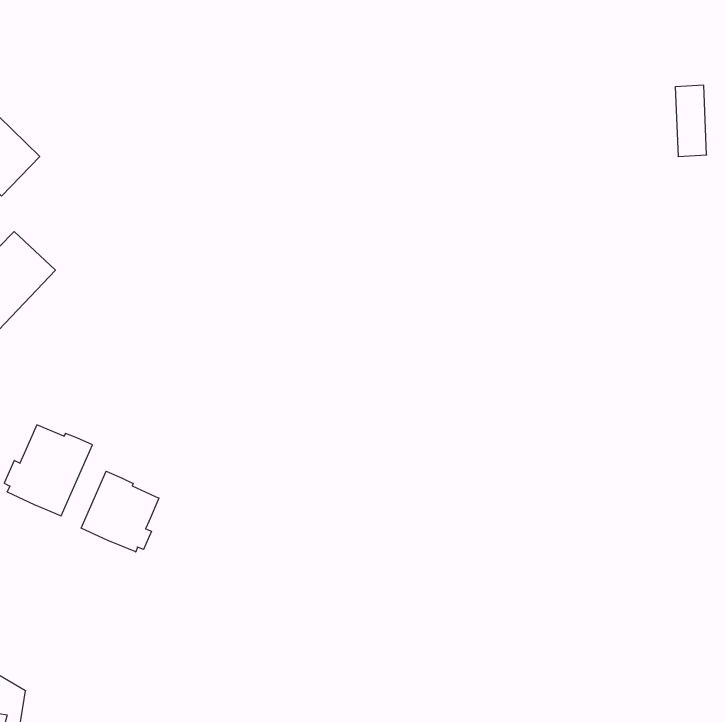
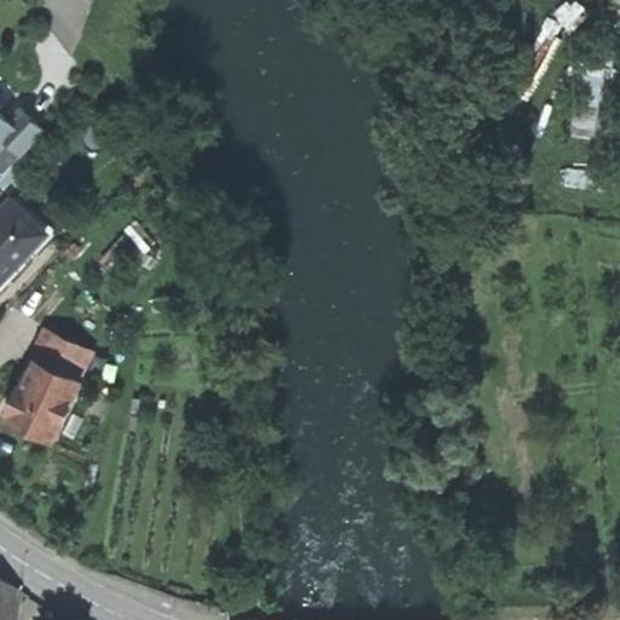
building: none -> [28,332,79,377]
building: [81,471,159,552] -> none

